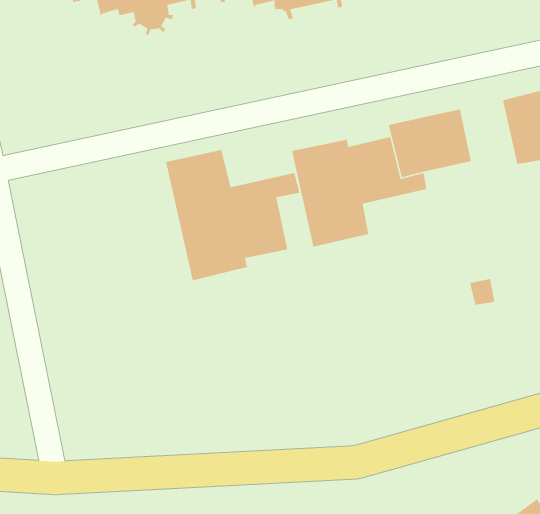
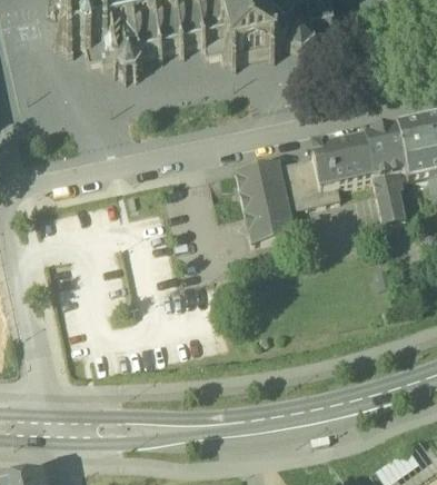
building: none -> [366,122,409,219]
building: [165,149,301,281] -> none

